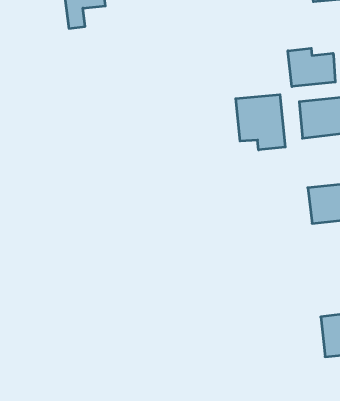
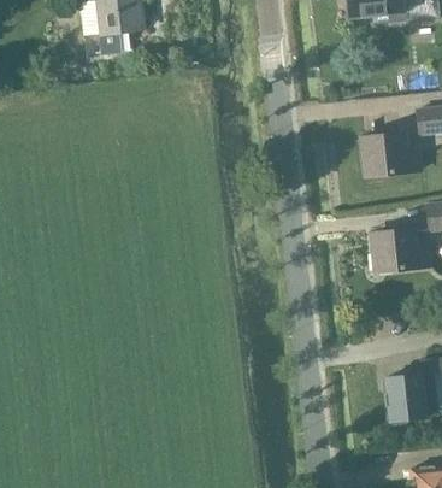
building: [288,48,335,87] -> none
building: [236,95,285,150] -> none

